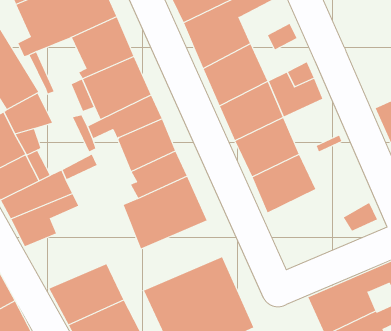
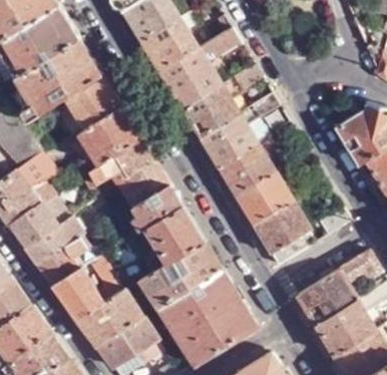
building: none -> [254,202,313,266]
building: none -> [138,241,221,308]
building: none -> [50,255,122,317]

